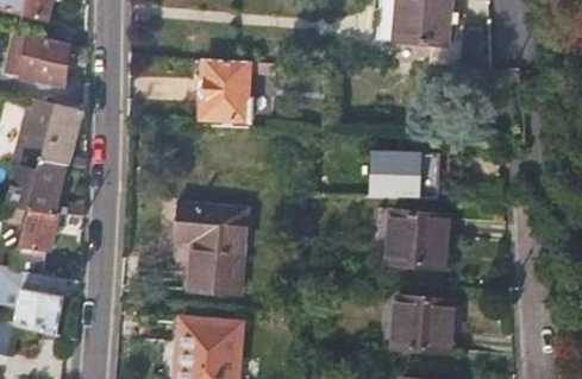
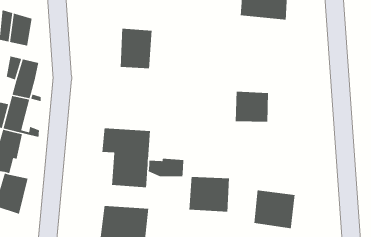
building: [388,213,449,266] -> [189,176,230,213]
building: none -> [148,158,184,177]

